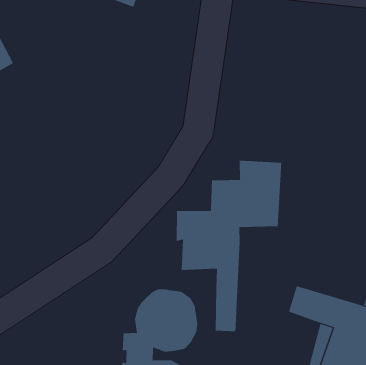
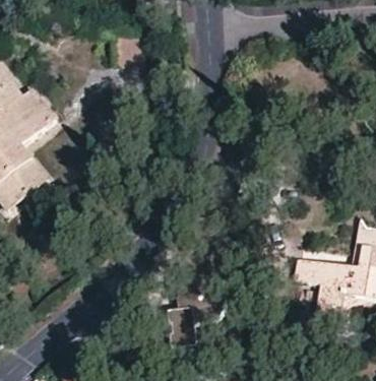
building: [176,160,282,332] -> none

